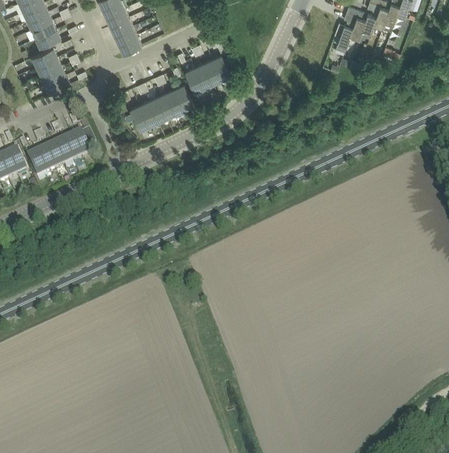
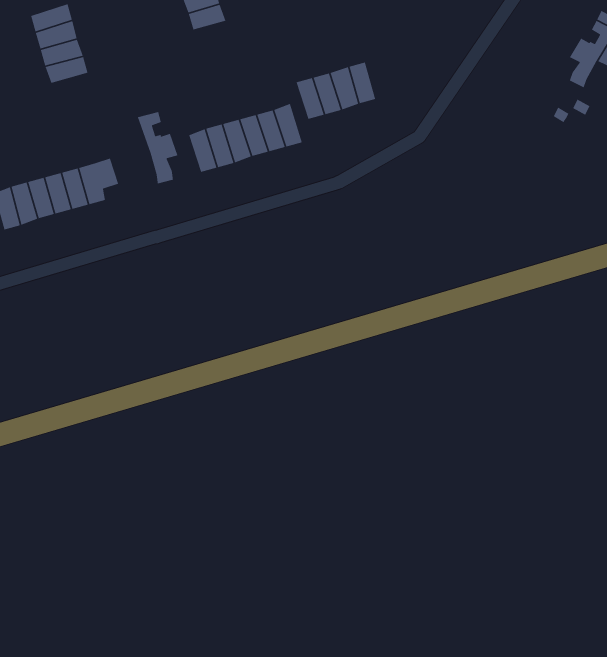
building: none -> [137,111,178,184]

